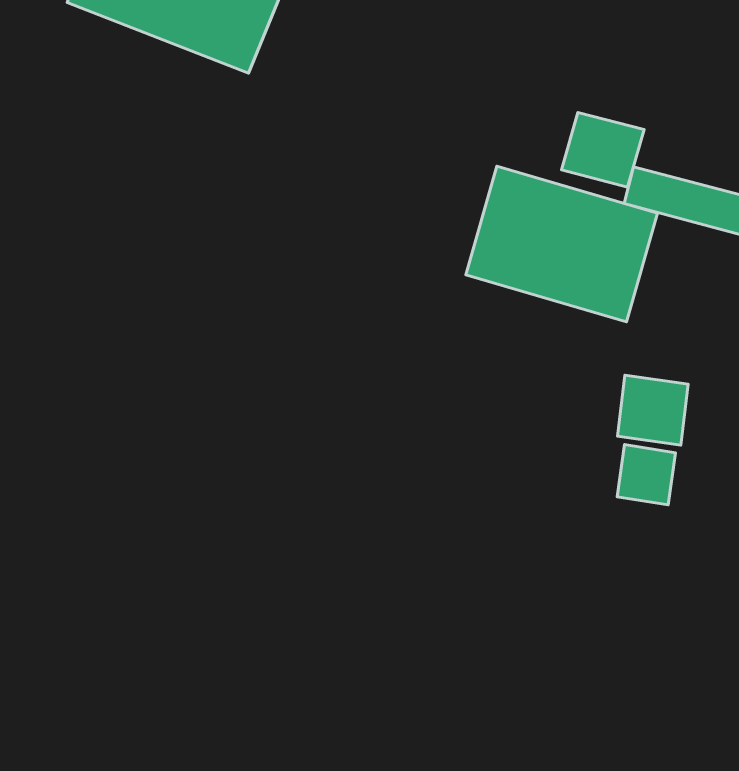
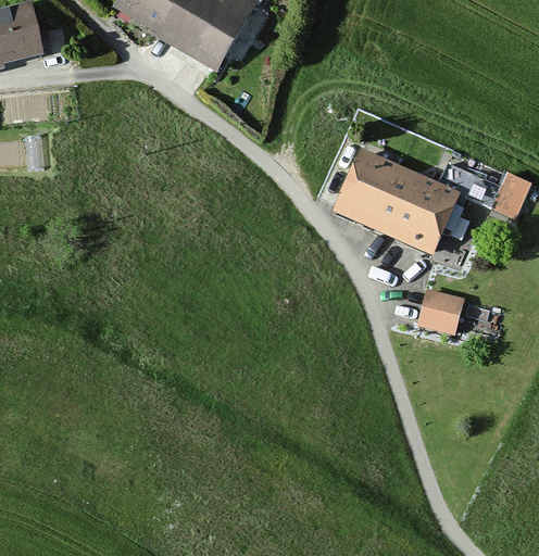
building: [562,112,644,187] -> none
building: [617,445,676,505] -> none

